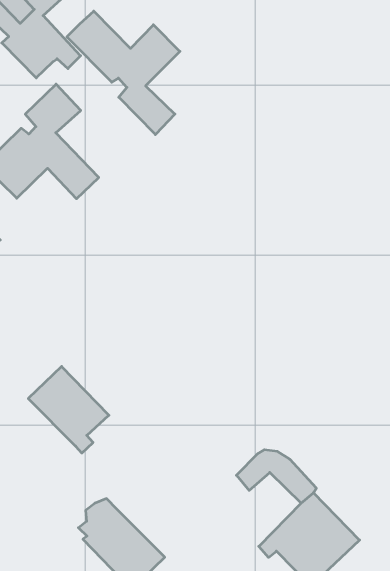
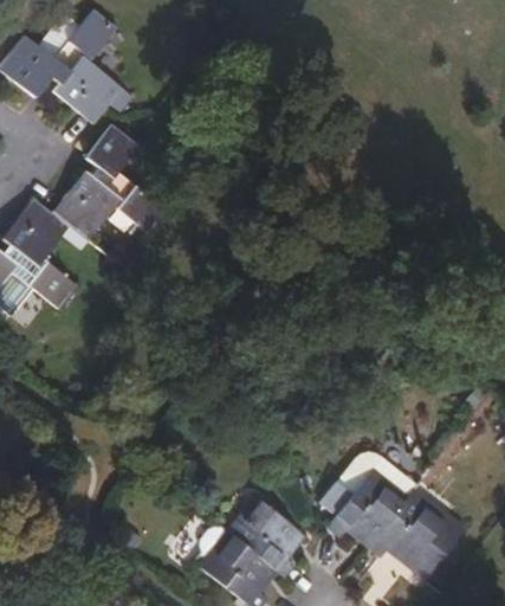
building: [67,11,180,135] -> none
building: [28,366,109,453] -> [225,495,305,576]
building: none -> [316,475,402,548]

